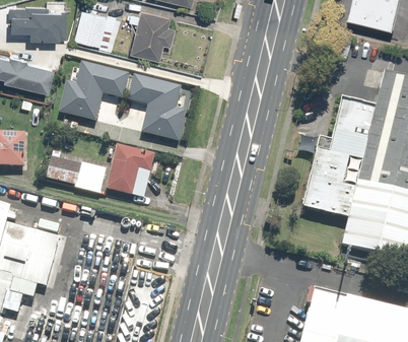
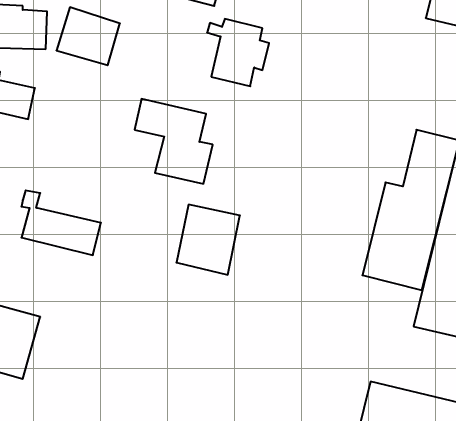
building: [129,8,176,59] -> [207,19,269,86]
building: [59,63,130,120] -> none
building: [108,145,155,198] -> [176,205,240,275]

